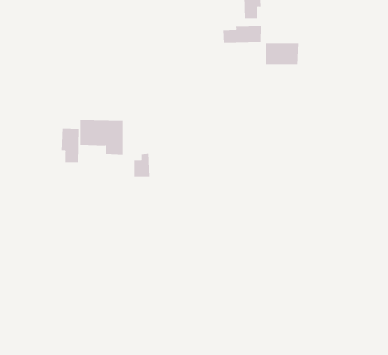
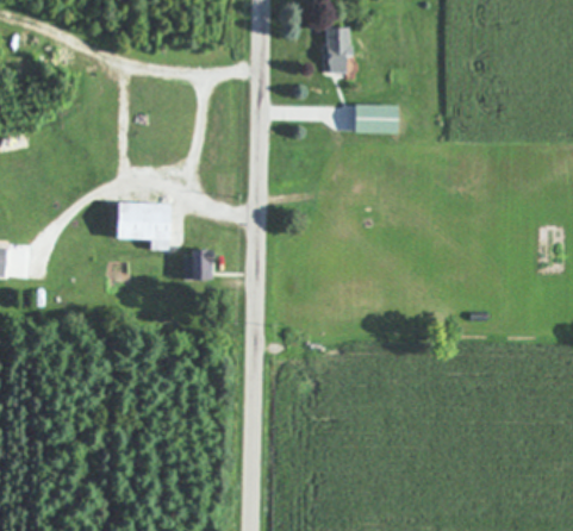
building: [223,25,261,44] -> none
building: [61,128,79,163] -> none

